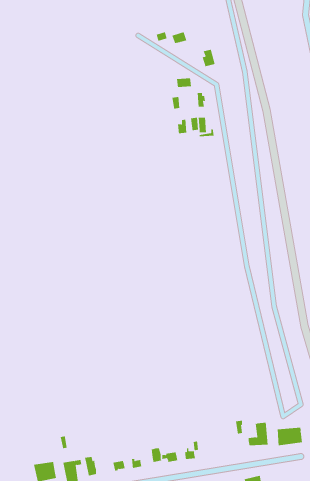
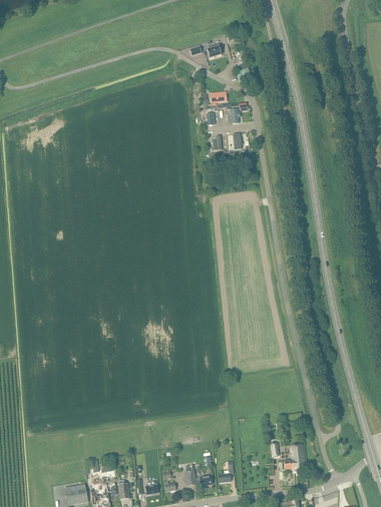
building: [277,427,303,446] -> none

